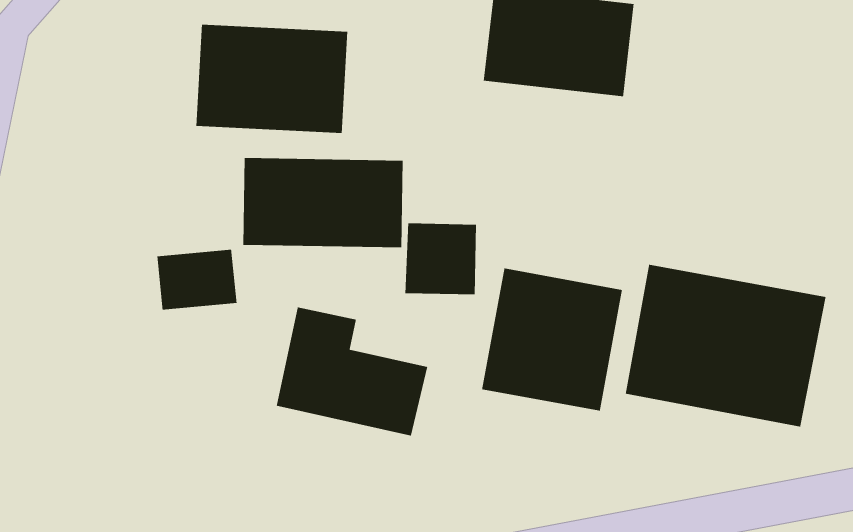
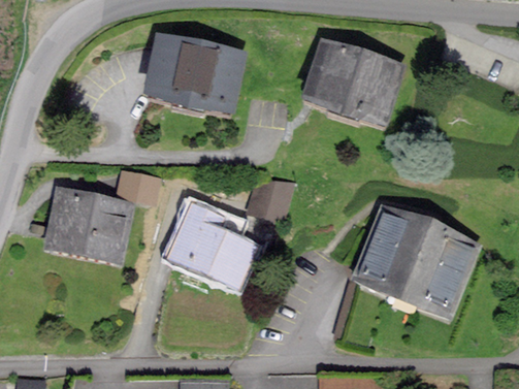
building: [243,157,403,248] -> none
building: [481,268,623,412] -> none
building: none -> [48,194,130,265]

